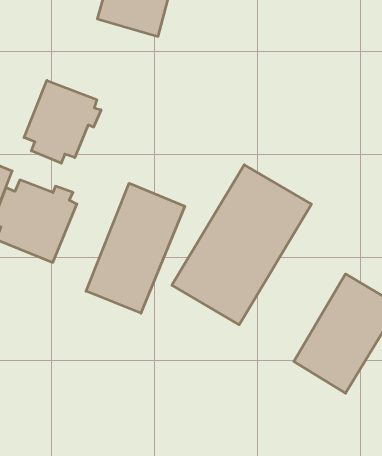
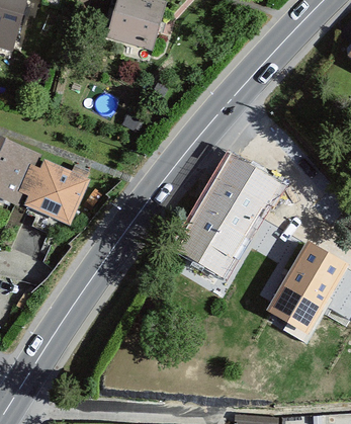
building: [24,80,101,163] -> none
building: [86,183,185,313] -> none

